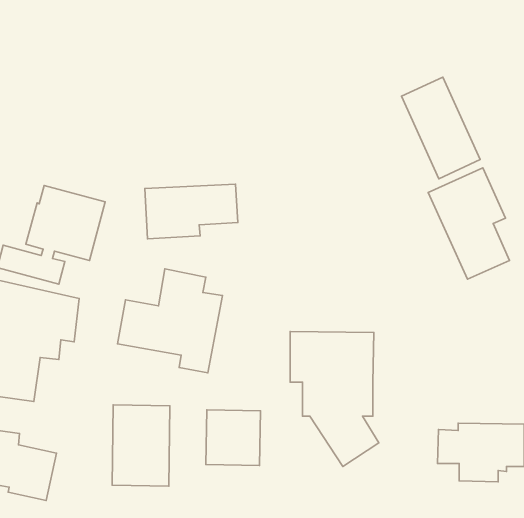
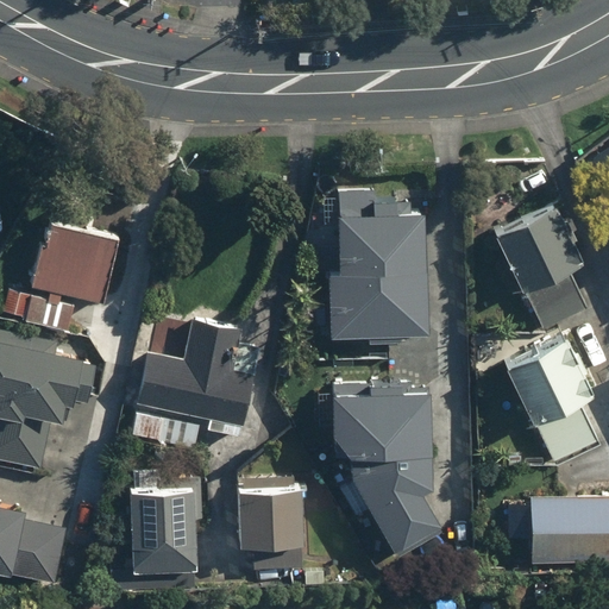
building: [401,77,480,179] -> none
building: none -> [327,192,428,333]
building: [145,184,238,239] -> none
building: none -> [504,338,595,464]

